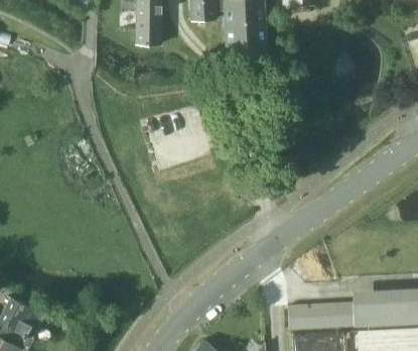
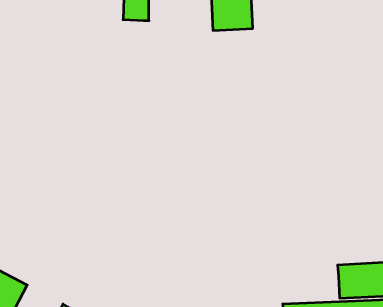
building: [287,302,352,329] -> none

